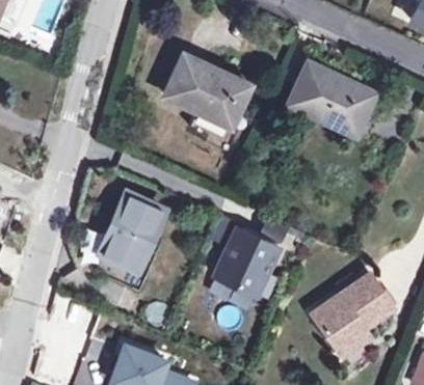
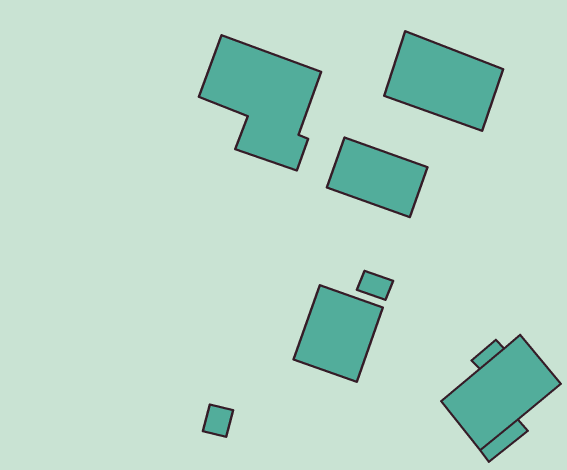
building: none -> [327,137,428,217]
building: [99,192,163,269] -> none

